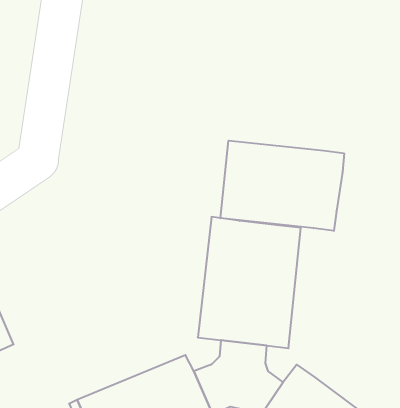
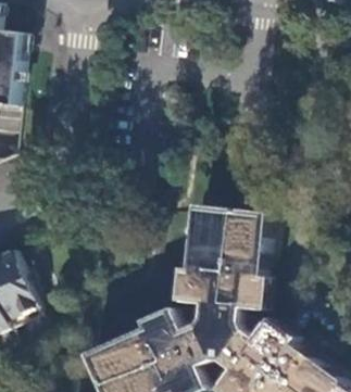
building: [220,141,344,231] -> none

